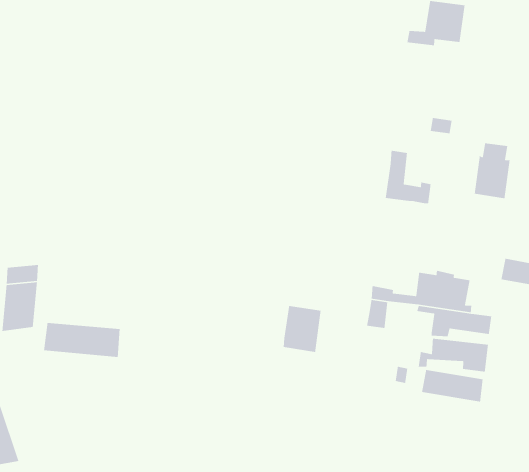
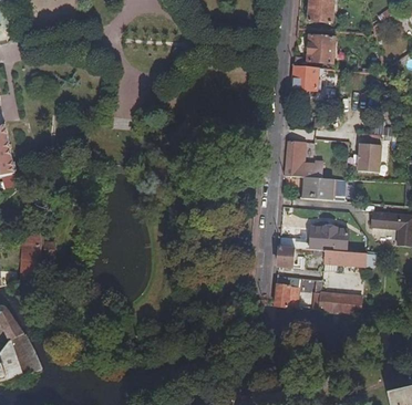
building: none -> [291,64,323,90]
building: none -> [302,175,333,200]
building: [283,305,322,353] -> [274,273,299,305]
building: [43,322,120,358] -> none

